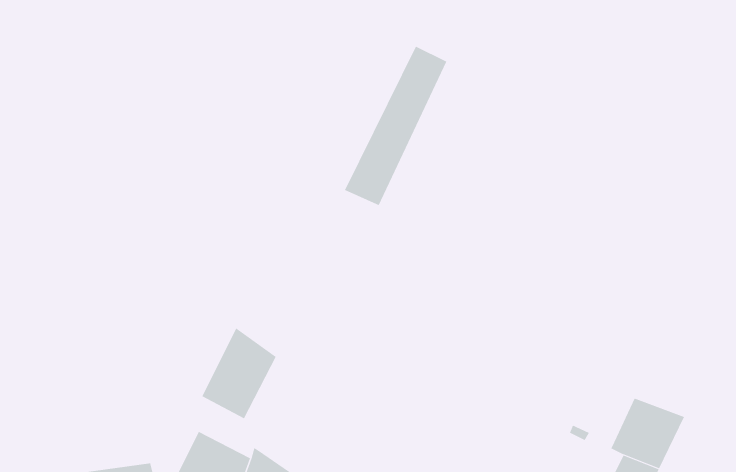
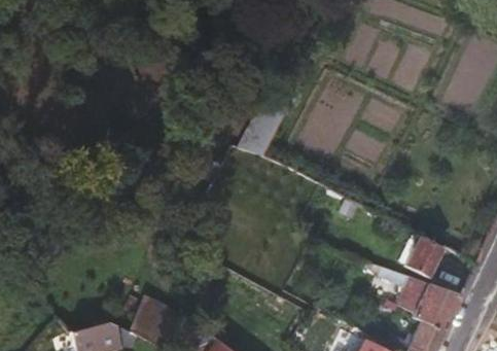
building: none -> [395,225,445,279]
building: [201,327,277,419] -> none

